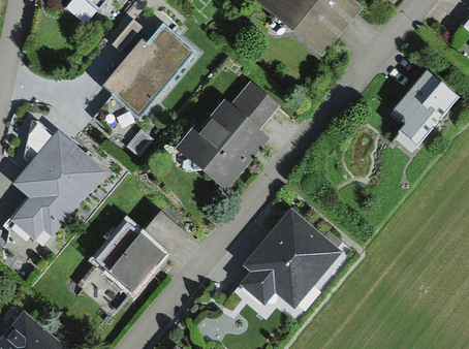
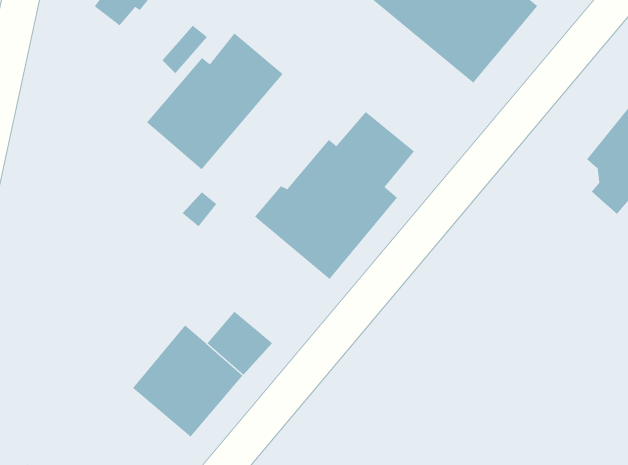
building: [10,129,106,245] -> none
building: [240,209,341,307] -> none

